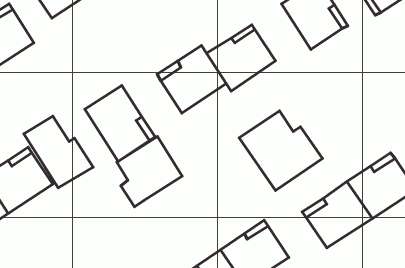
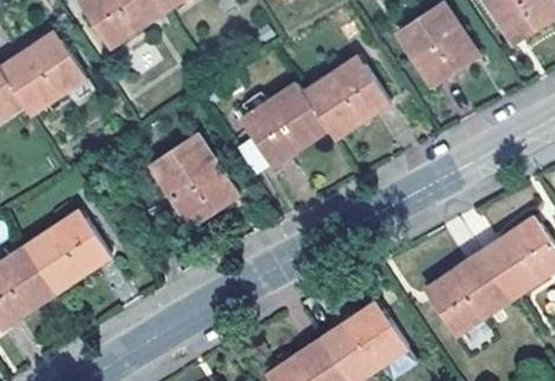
building: [239,111,322,191] -> none
building: [24,116,93,188] -> none
building: [117,136,182,207] -> none

